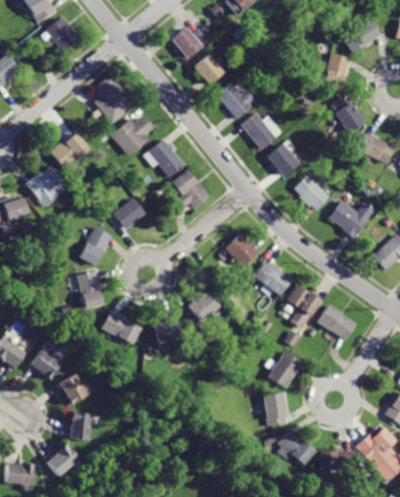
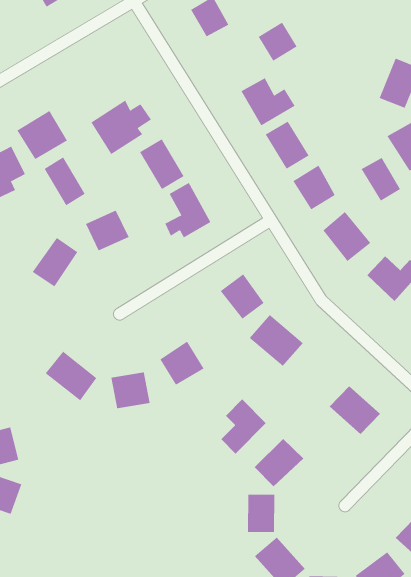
building: [192,55,223,86] -> [258,22,298,62]
building: [93,76,132,121] -> none
building: none -> [361,157,401,202]
building: none -> [44,157,85,206]
building: [78,271,106,310] -> none
building: [287,285,320,328] -> [221,399,267,455]

